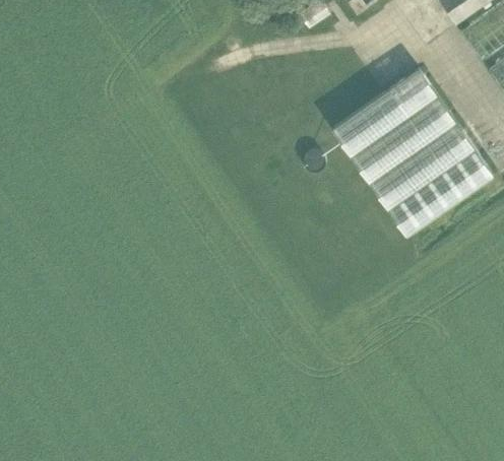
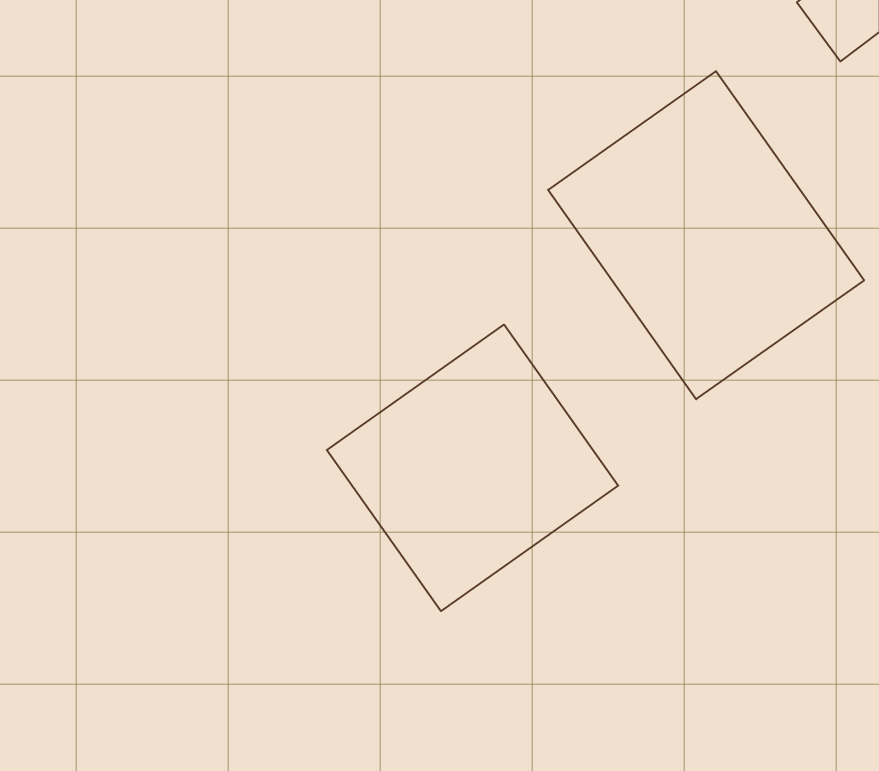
building: none -> [327,325,618,611]

